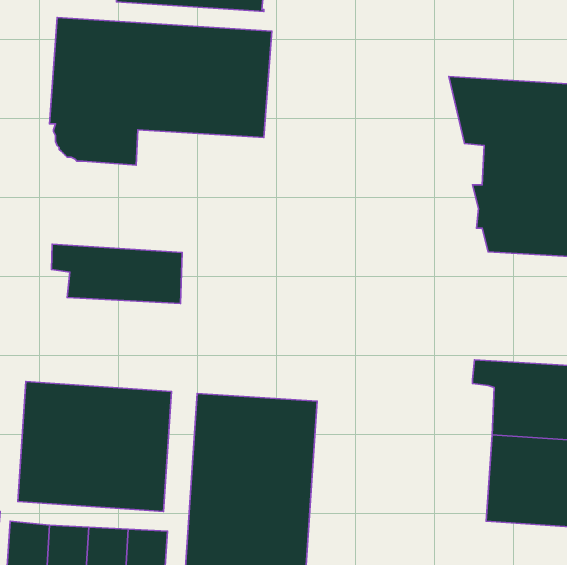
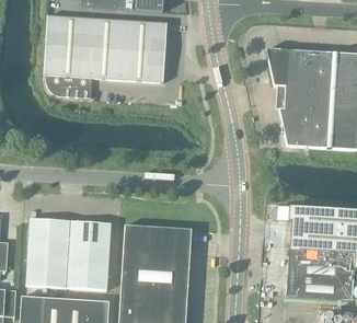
building: [51,244,182,303] -> none

